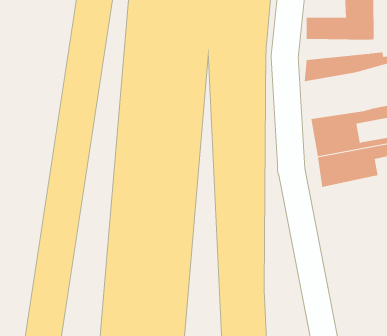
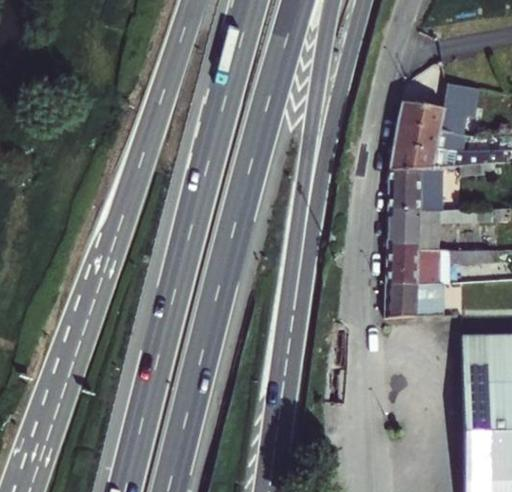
building: none -> [395,123,467,150]
building: none -> [389,168,447,210]
building: none -> [388,282,446,318]

